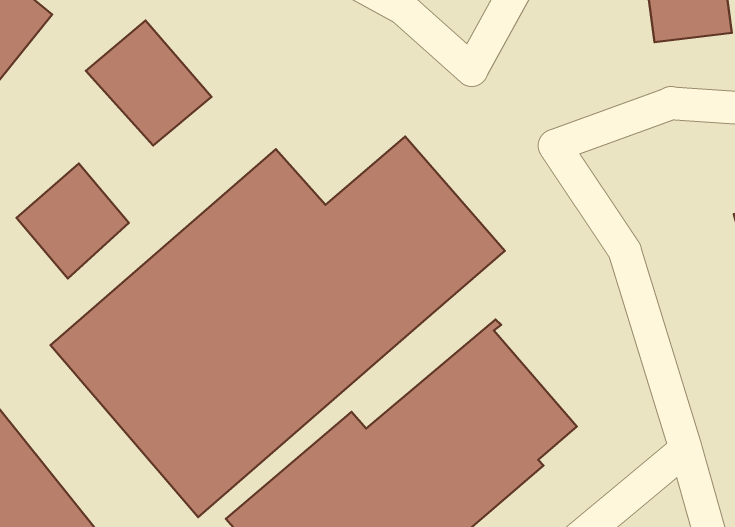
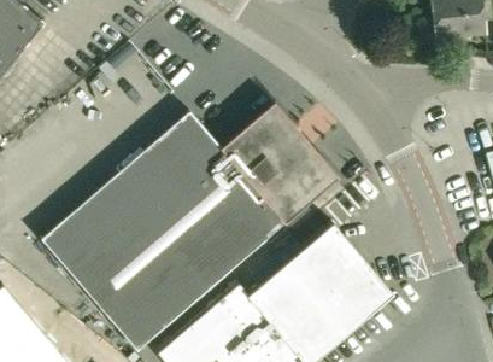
building: [86,21,212,146] -> none
building: [17,164,129,278] -> none

